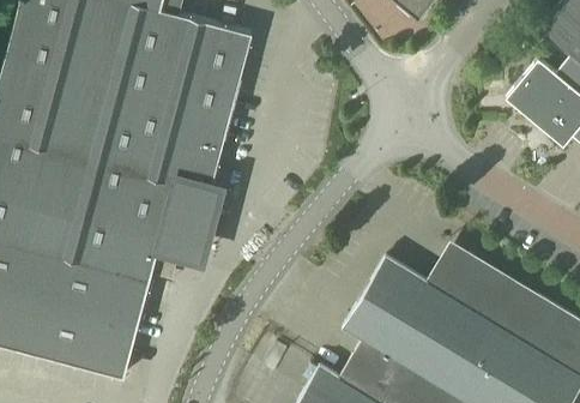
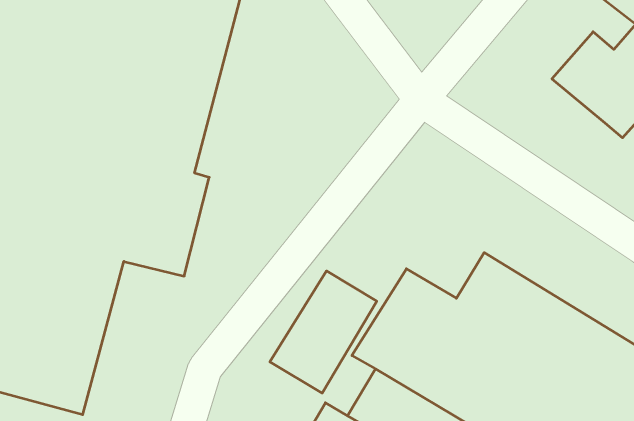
building: none -> [270,271,377,393]

